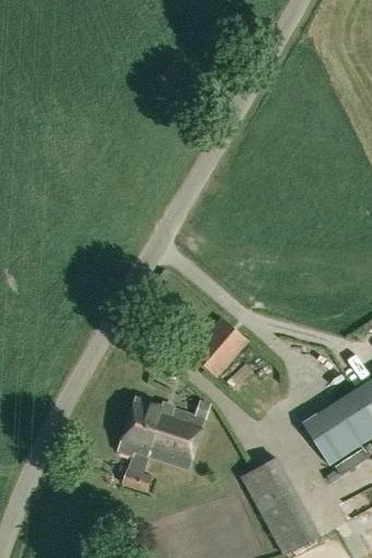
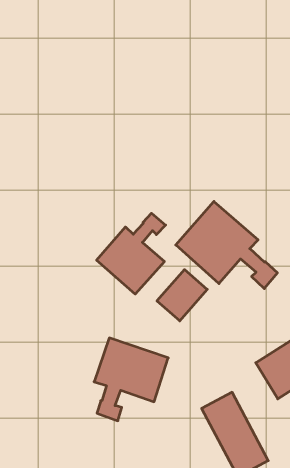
building: none -> [176,201,277,289]
building: none -> [97,213,166,294]

